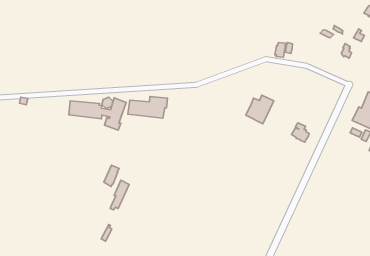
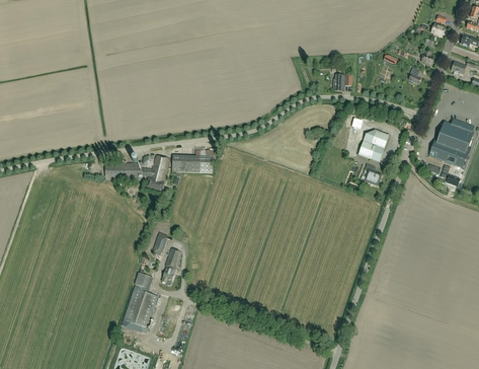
building: [246,95,274,124] -> [358,129,389,161]
building: none -> [124,272,158,327]

